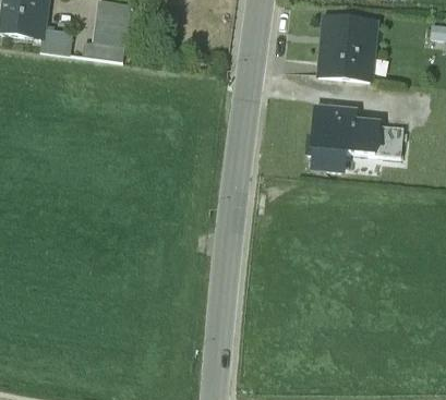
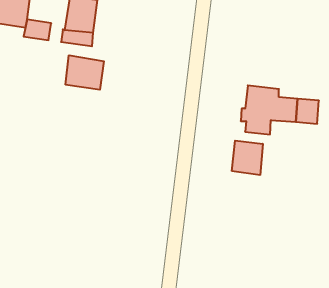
building: [318,17,376,80] -> none
building: none -> [66,55,104,90]
building: none -> [232,141,263,175]

